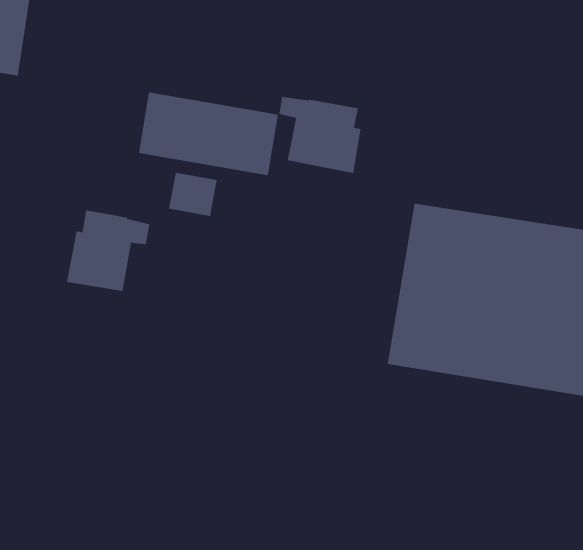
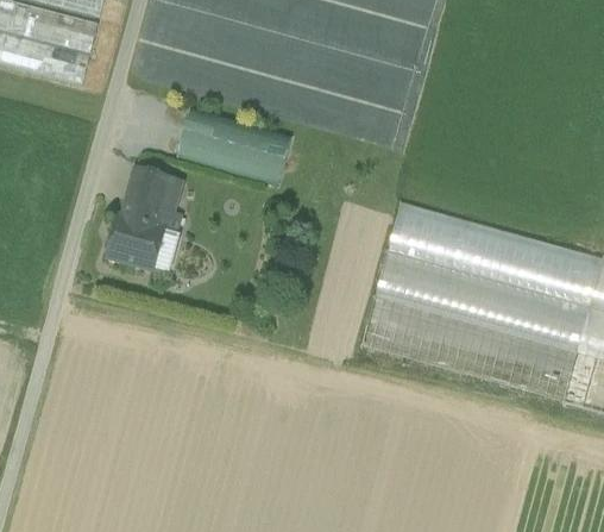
building: [279,96,361,174] -> none
building: [168,172,218,216] -> [127,165,170,205]

